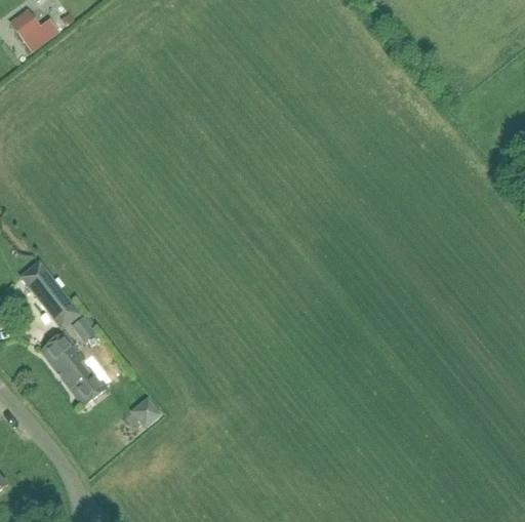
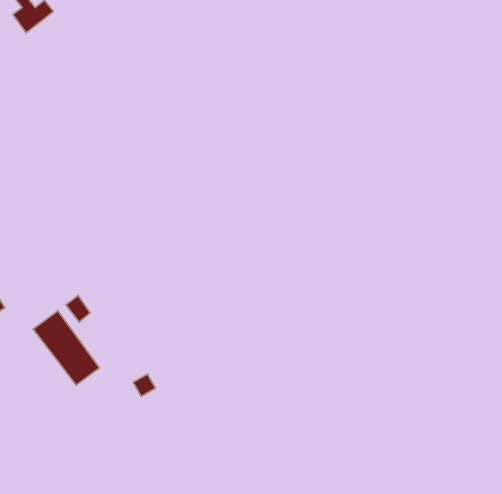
building: [23,264,79,328] -> none

